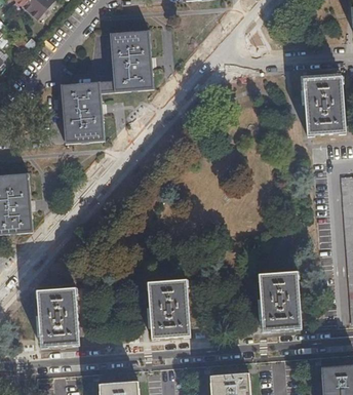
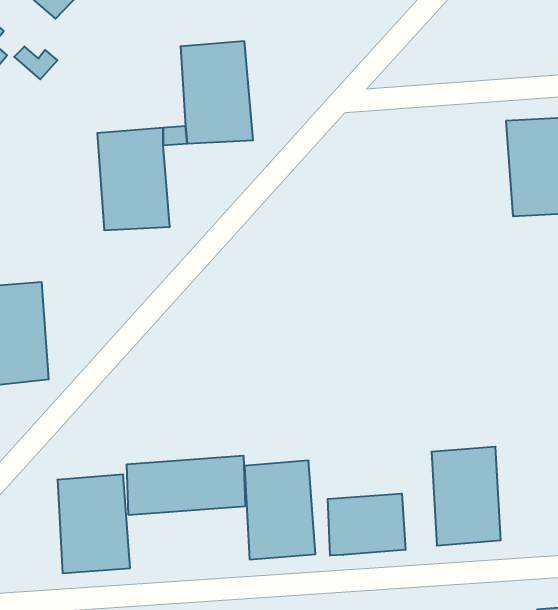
building: none -> [127,456,245,515]
building: none -> [328,493,405,556]

